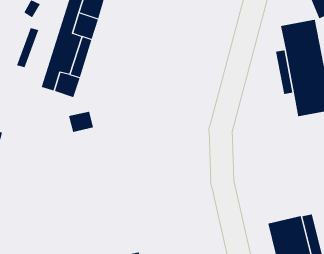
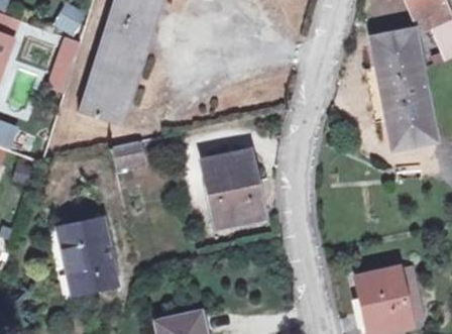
building: none -> [204,151,263,223]
building: none -> [59,217,118,294]

